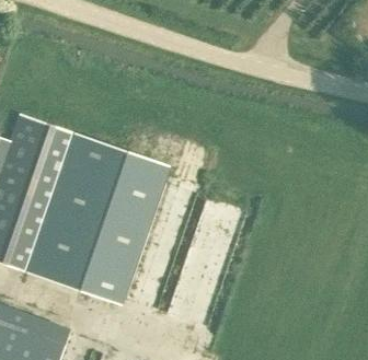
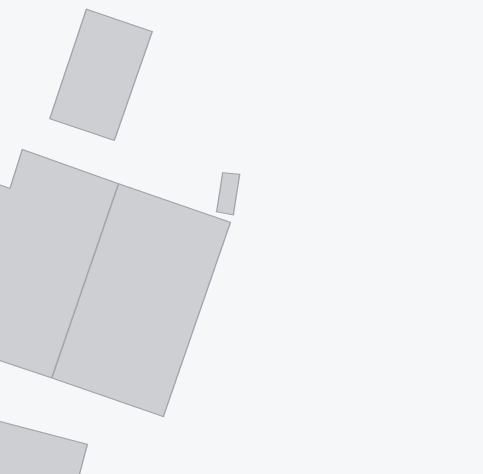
building: none -> [50,9,152,140]

